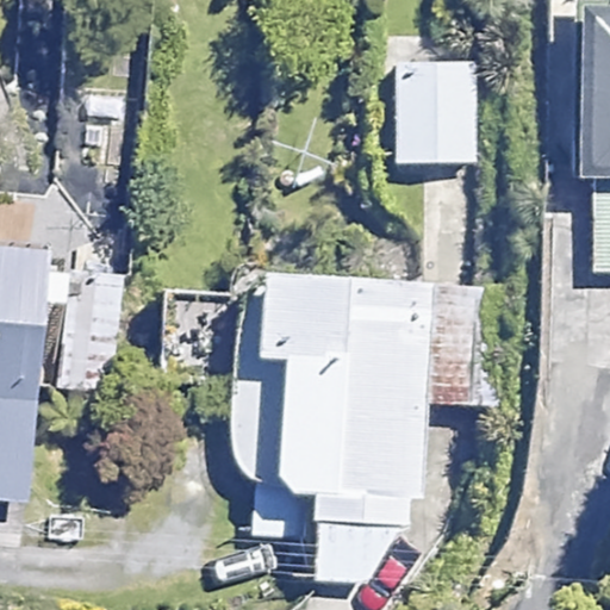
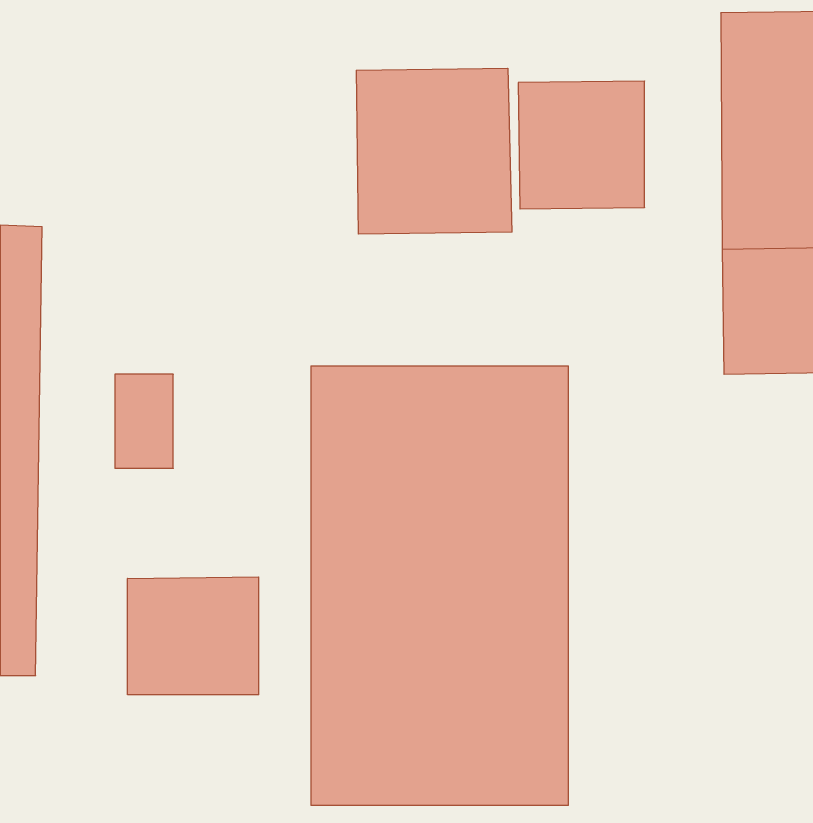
building: none -> [356,68,512,234]
building: none -> [128,577,259,695]

